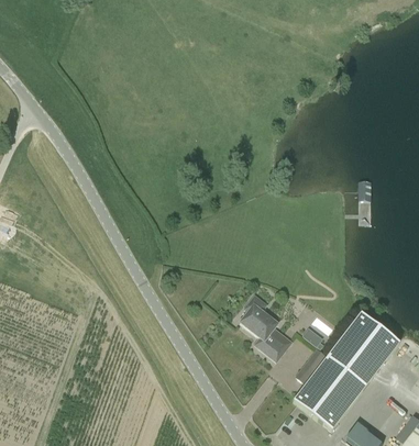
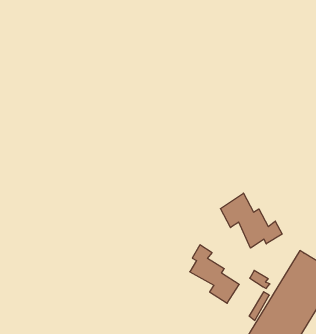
building: none -> [220,193,282,248]

